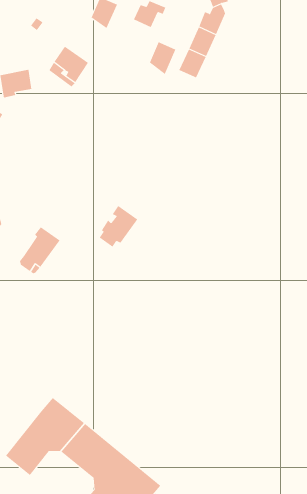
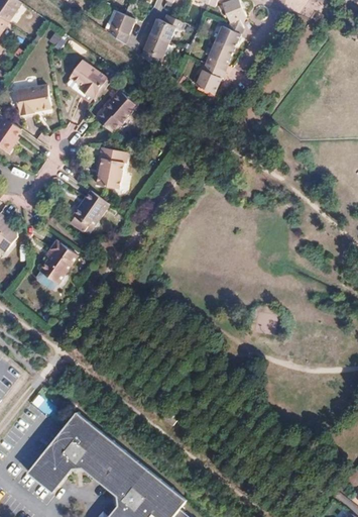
building: [149,41,176,75] -> [141,33,168,67]
building: none -> [97,89,137,133]
building: none -> [96,146,127,188]
building: [99,205,138,248] -> [71,189,110,231]

